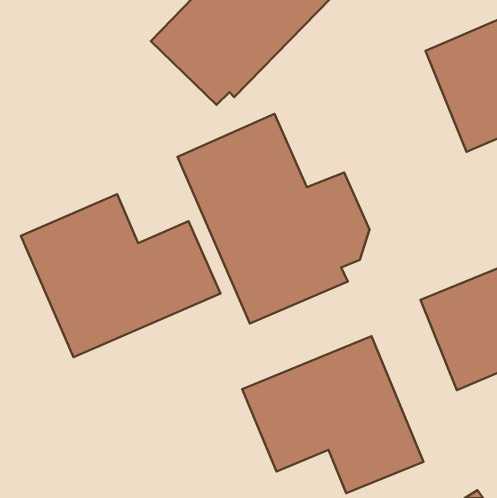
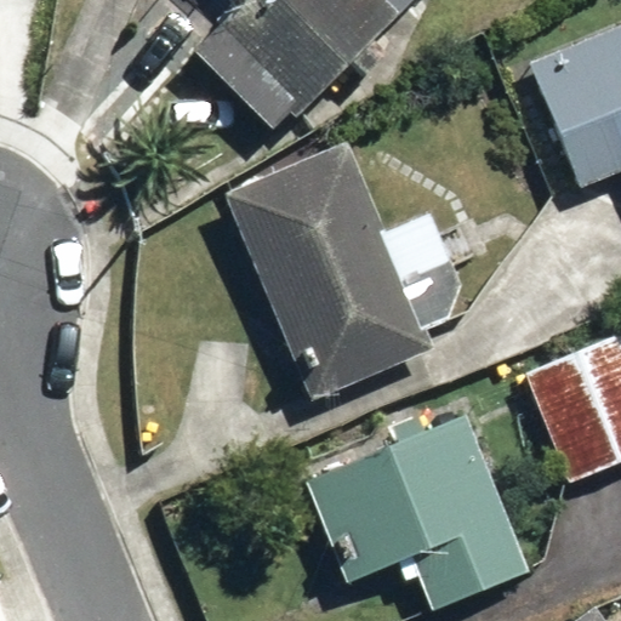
building: [21,194,220,357] -> none

